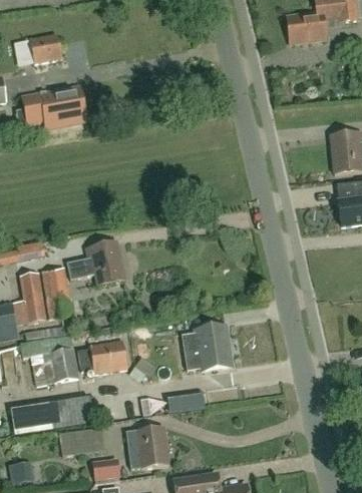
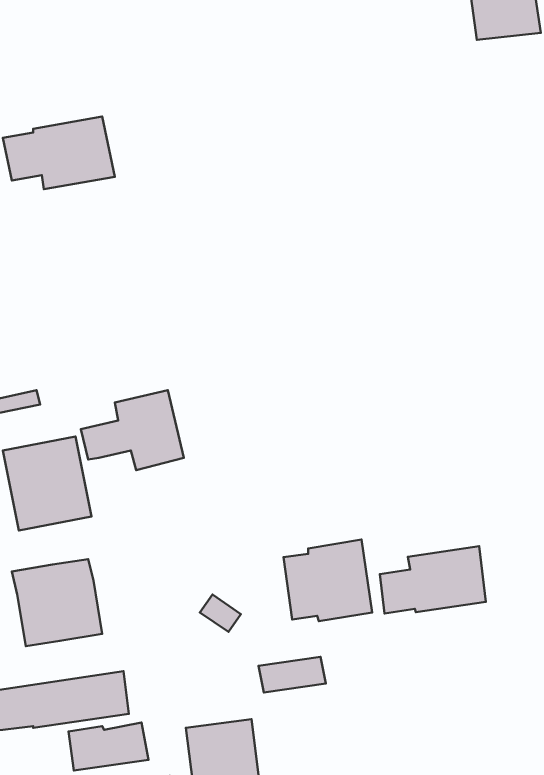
building: [30,34,62,63] -> none
building: none -> [380,546,486,614]
building: [78,340,127,374] -> none

